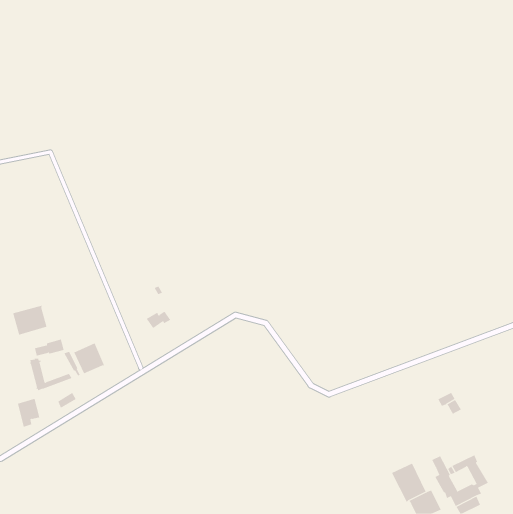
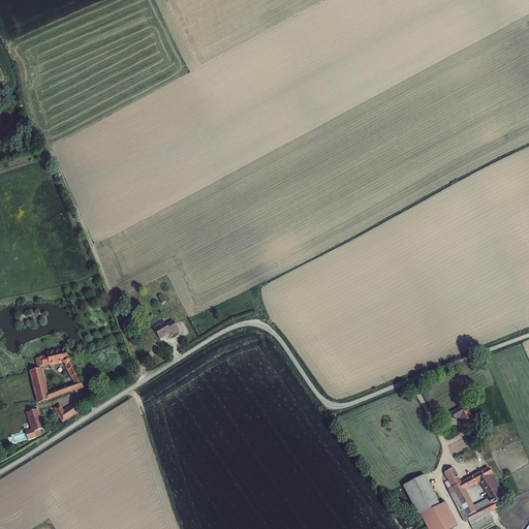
building: [12,305,47,335] -> none
building: [74,343,105,374] -> none

